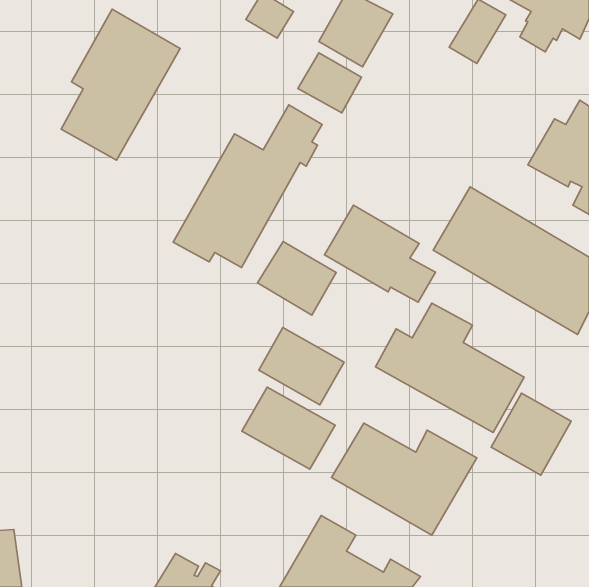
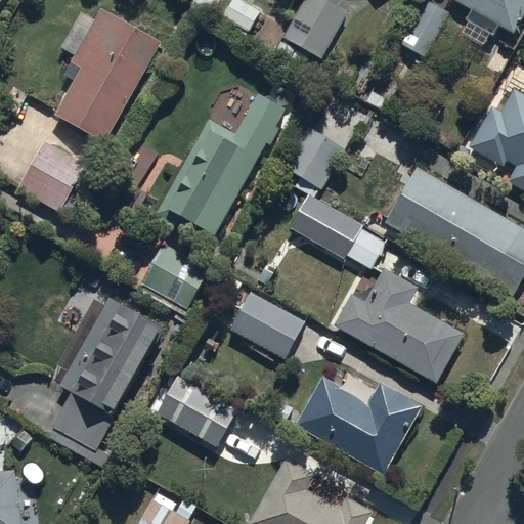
building: [298,53,362,113] -> [289,127,345,180]
building: none -> [17,140,97,216]
building: [258,241,336,315] -> [139,244,209,309]
building: none -> [49,297,162,468]
building: [242,387,335,469] -> [156,374,238,446]
building: [491,393,571,475] -> none

